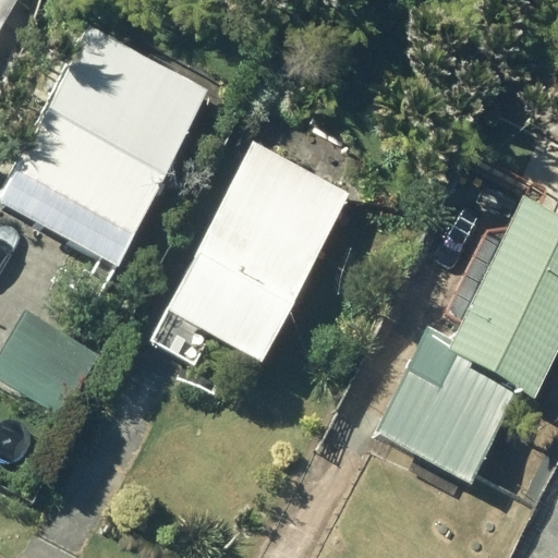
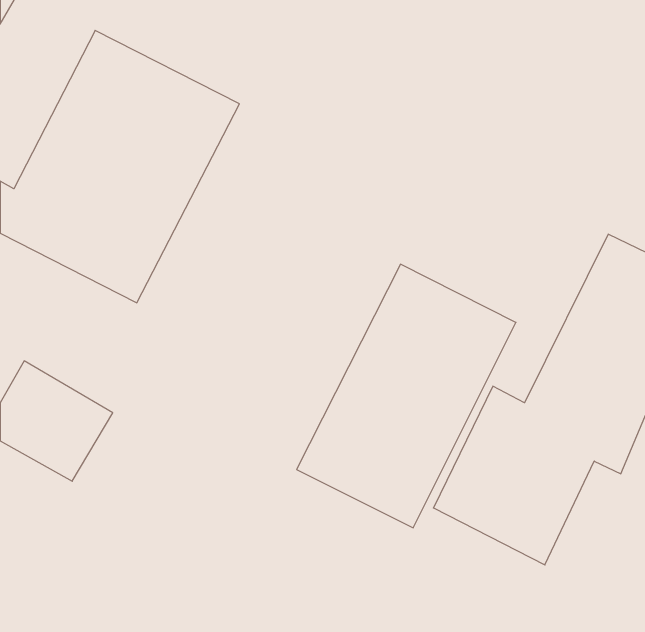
building: [161,142,350,368] -> [297,264,516,528]

